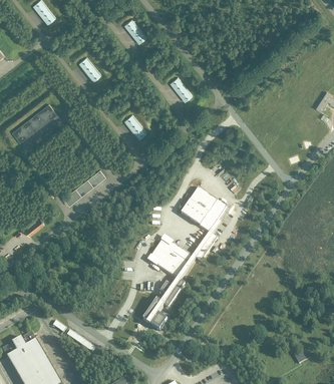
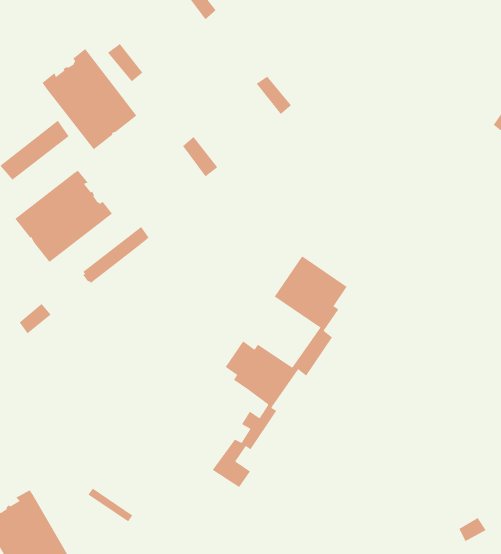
building: none -> [42,48,137,150]
building: none -> [14,170,113,263]

